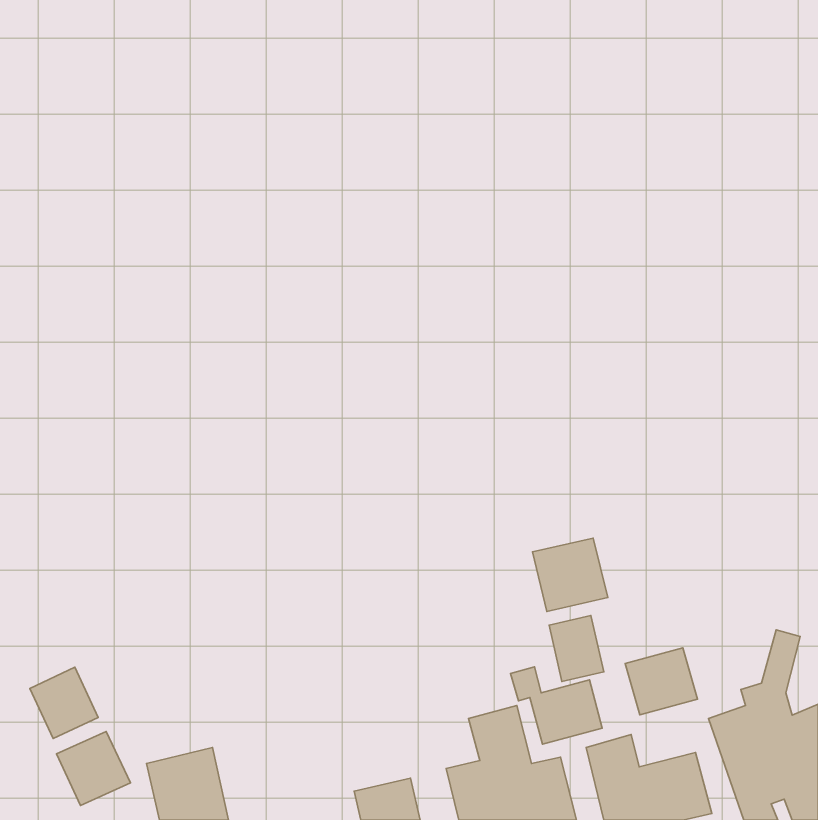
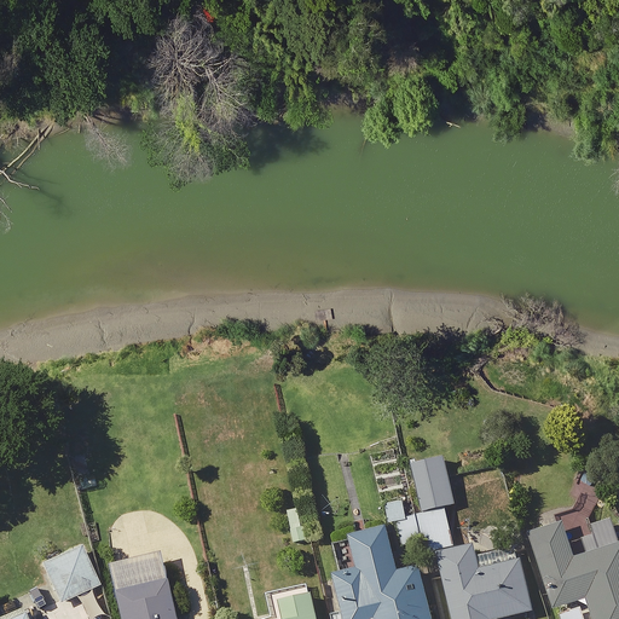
building: [532,538,608,611] -> none
building: [625,648,697,715] -> none
building: [30,667,98,738] -> none

